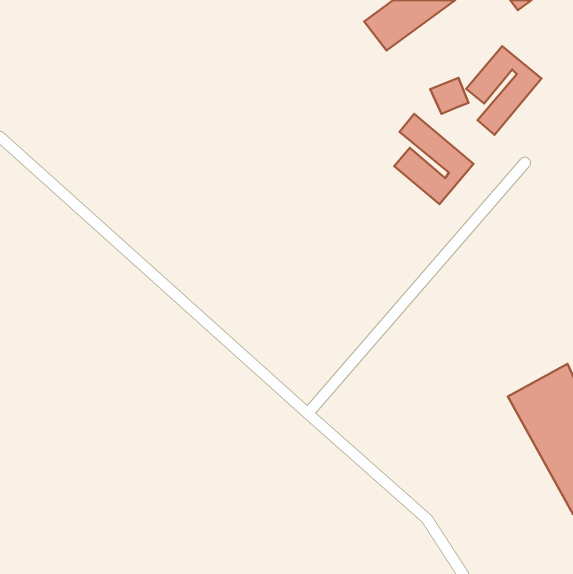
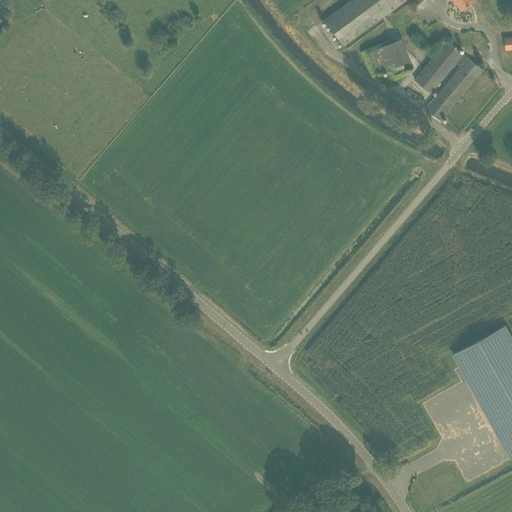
building: [430,78,469,114] -> [368,42,402,74]
building: [394,114,474,204] -> none

